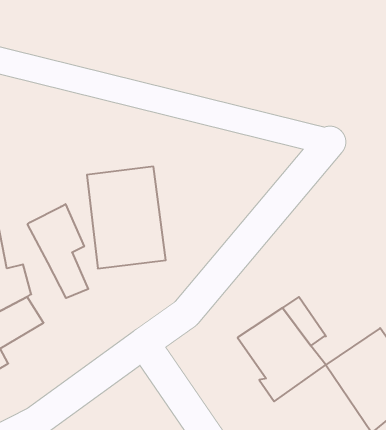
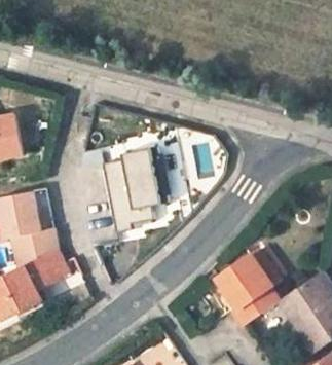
building: [28,204,88,298] -> none

